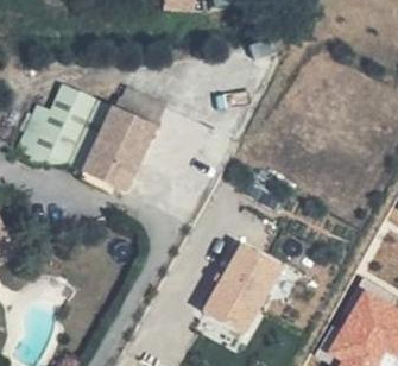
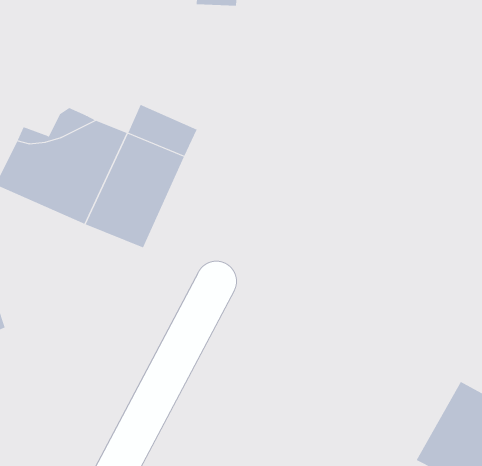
building: [204,247,283,336] -> none

